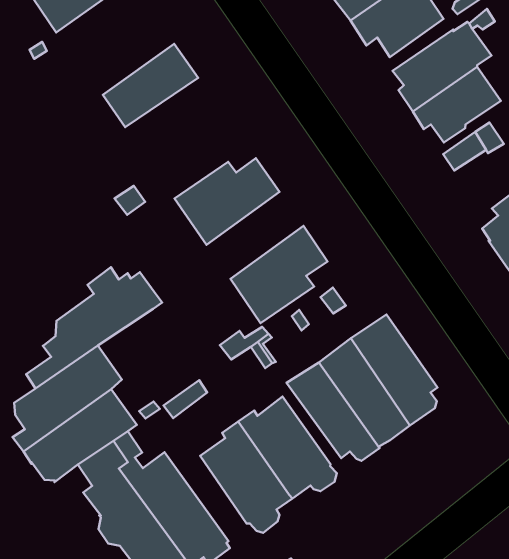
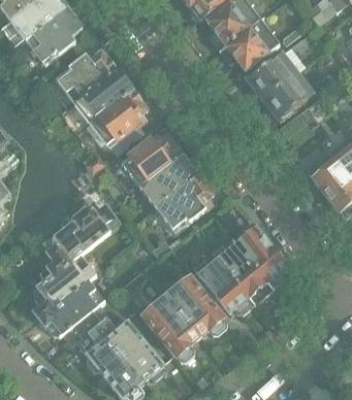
building: none -> [56,49,116,101]
building: none -> [89,88,148,147]
building: none -> [141,154,199,207]

